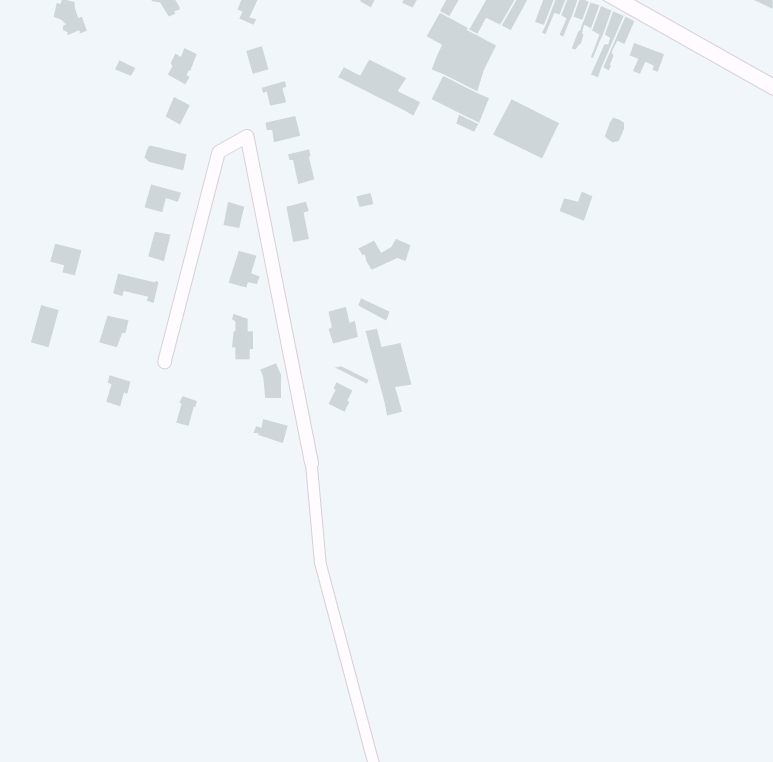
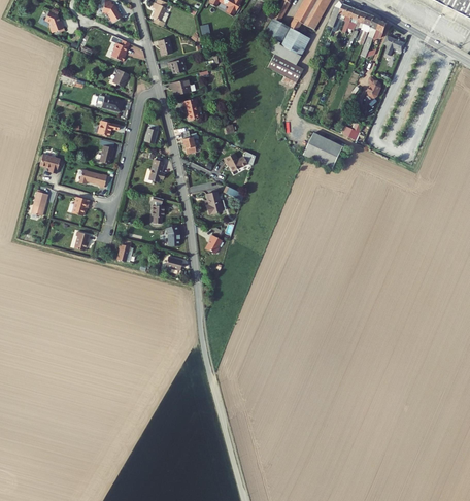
building: [337,58,421,117] -> none
building: [492,98,560,159] -> [303,132,343,168]
building: [364,328,412,417] -> none

